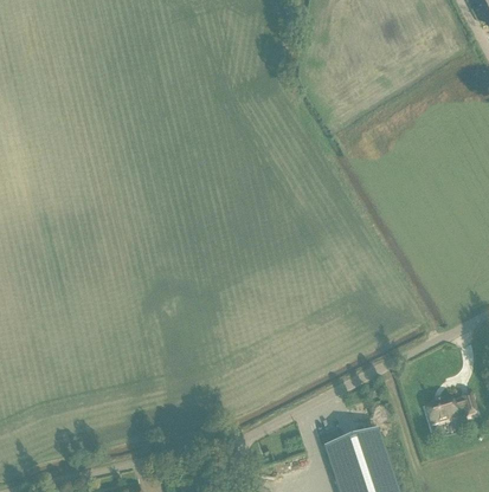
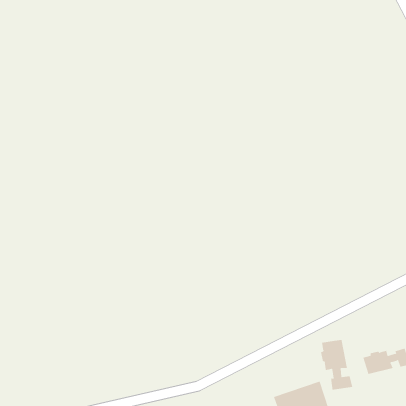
building: none -> [321,339,353,390]

